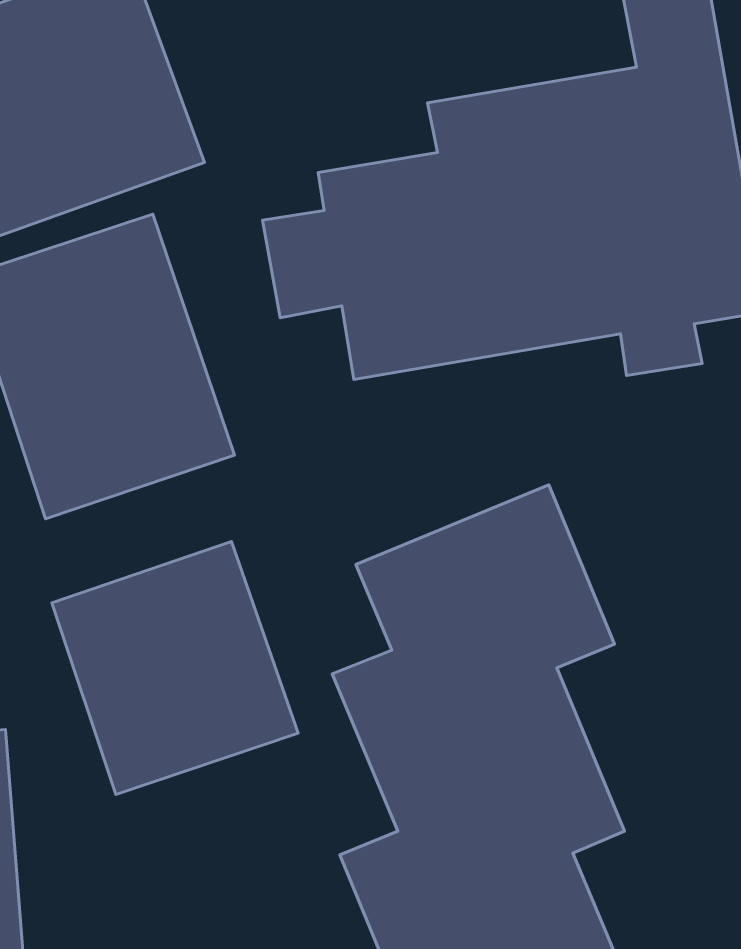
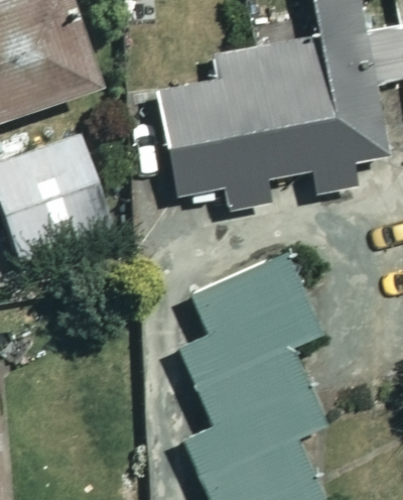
building: [52,541,298,795] -> none

